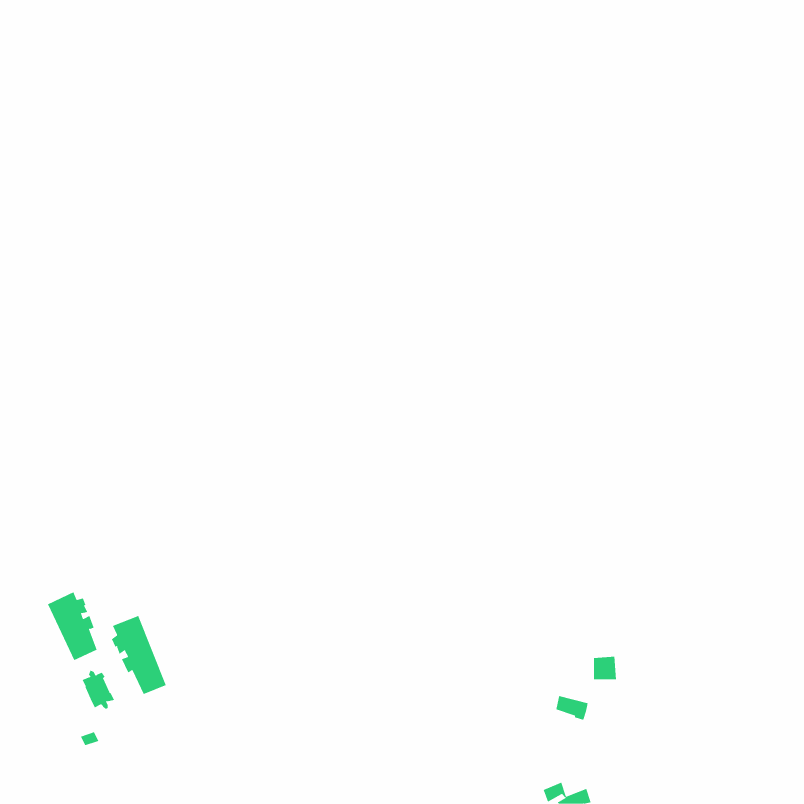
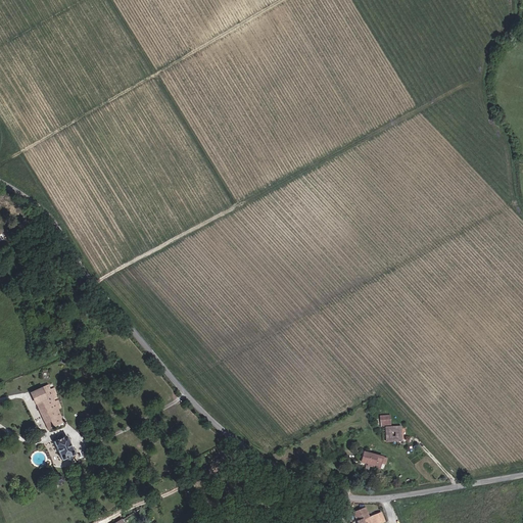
building: [111,615,167,695] -> none

